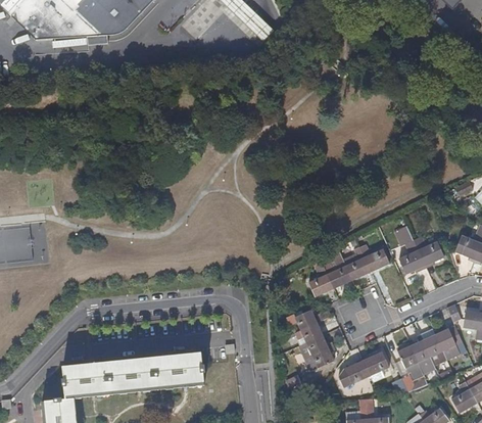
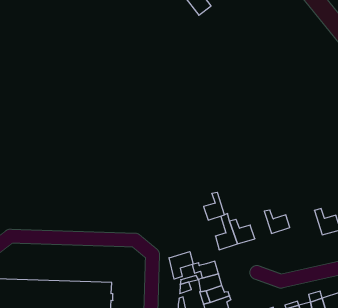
building: [401,239,427,274] -> none
building: [346,247,371,279] -> [204,192,225,220]
building: none -> [169,252,193,279]

